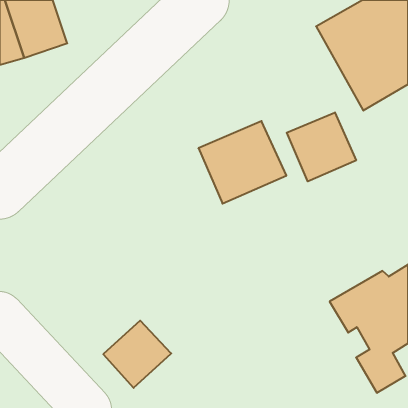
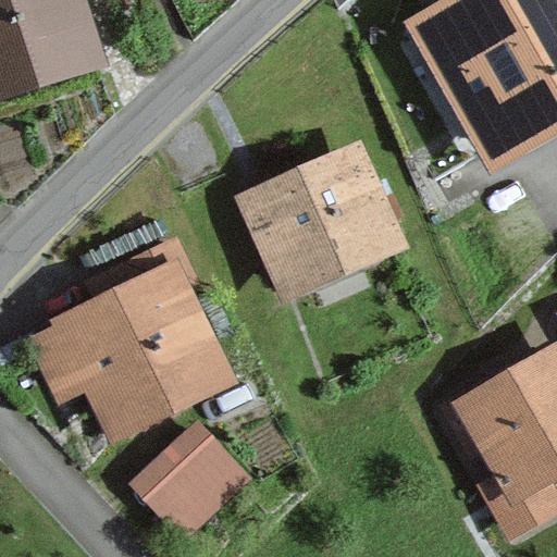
building: [287,112,356,181] -> none
building: none -> [42,251,212,424]

